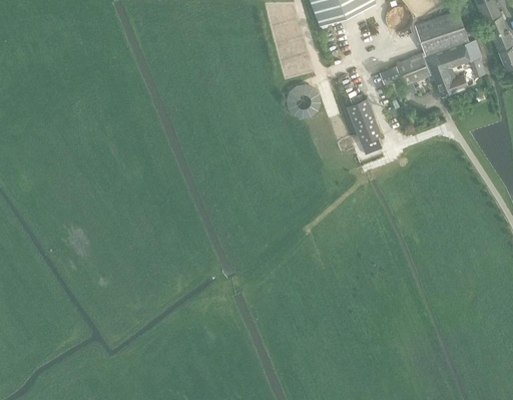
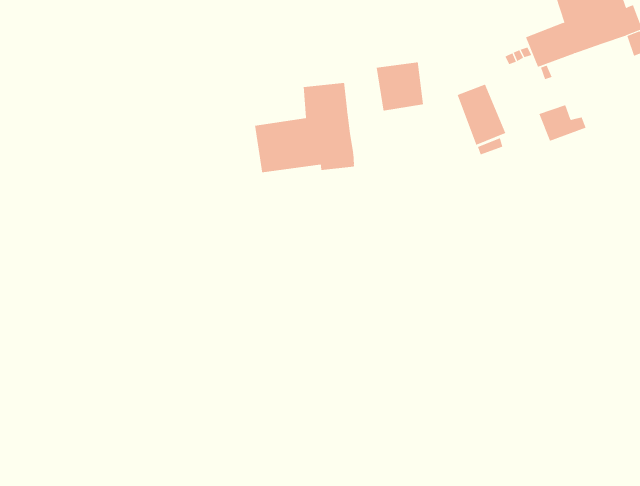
building: [432,68,467,95] -> [538,104,586,141]
building: none -> [255,82,354,173]

